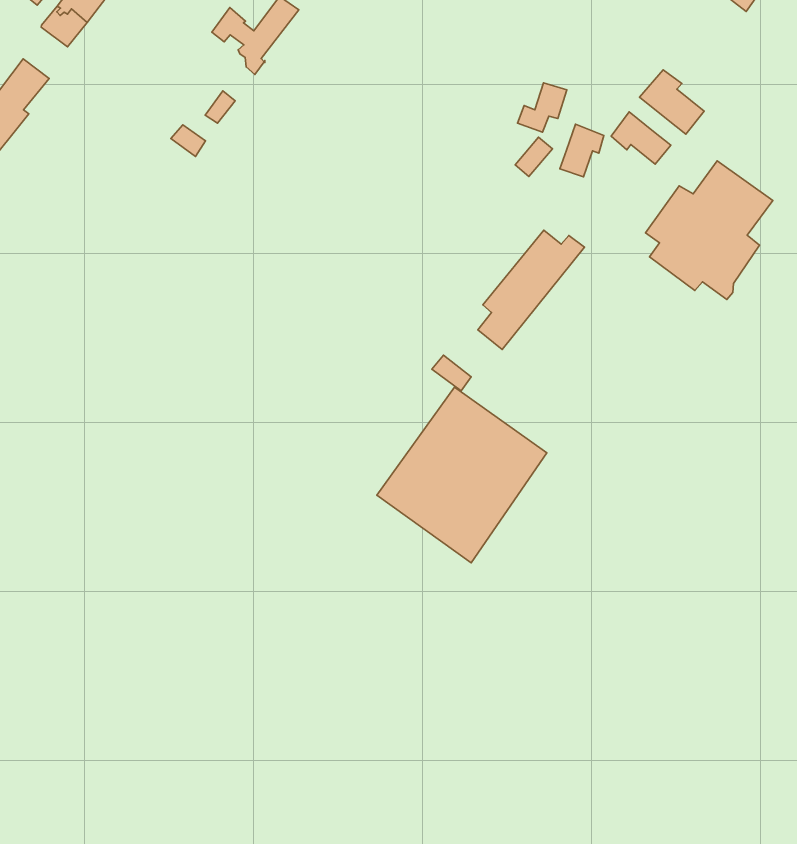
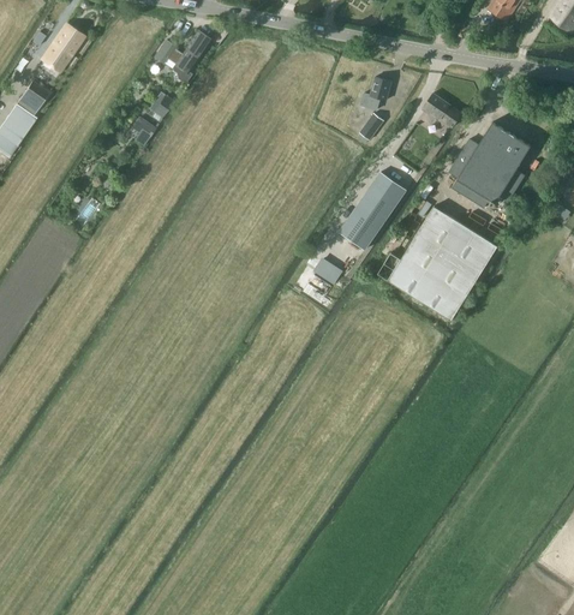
building: [639,70,704,134] -> none
building: [560,124,604,177] -> none
building: [377,387,547,563] -> [387,205,497,321]

